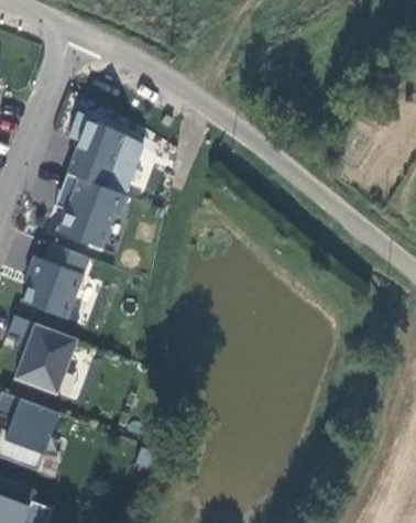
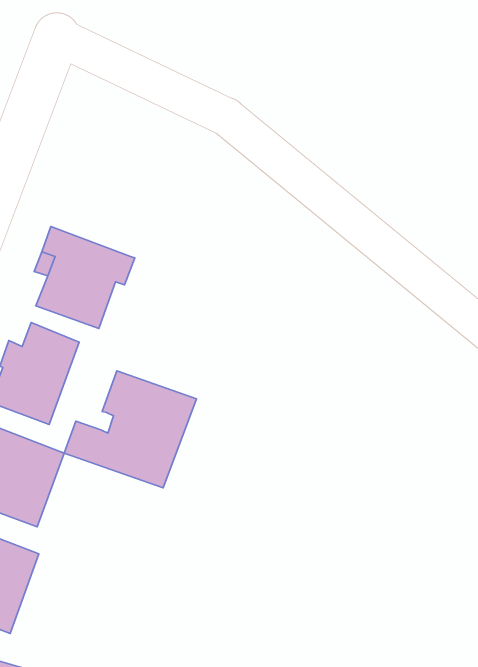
building: [67,112,144,195] -> none
building: none -> [64,371,197,488]

